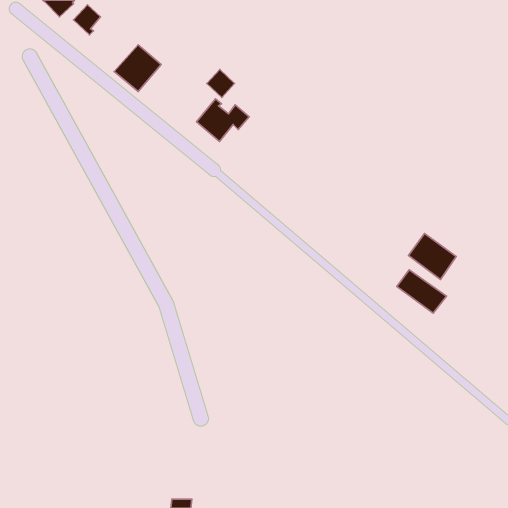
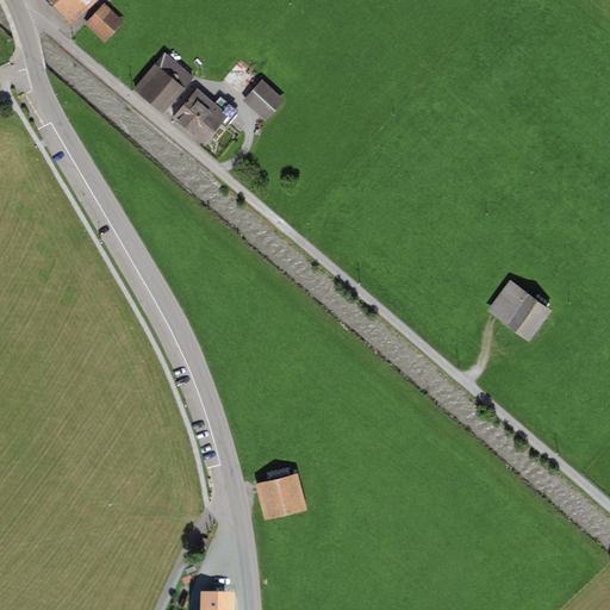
building: [197,99,249,142] -> [174,89,237,141]
building: [397,270,447,313] -> none
building: none -> [261,474,300,513]

